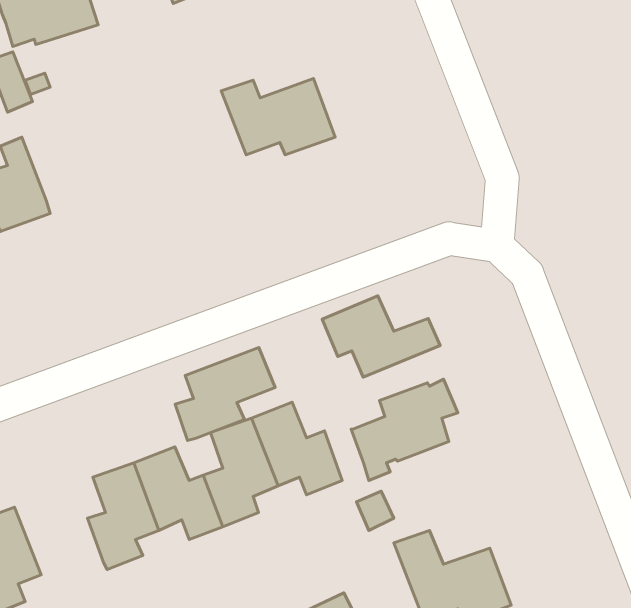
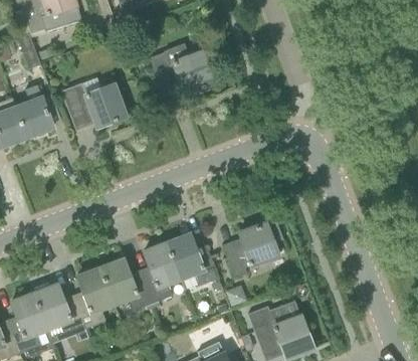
building: none -> [62,82,126,127]
building: [322,296,440,377] -> none
building: [175,347,275,440] -> none
building: none -> [33,284,83,331]

